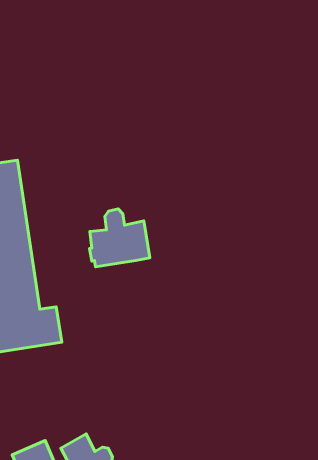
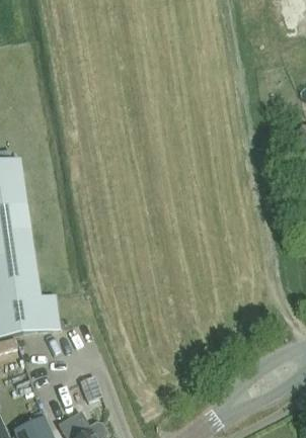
building: [90,209,150,267] -> none

